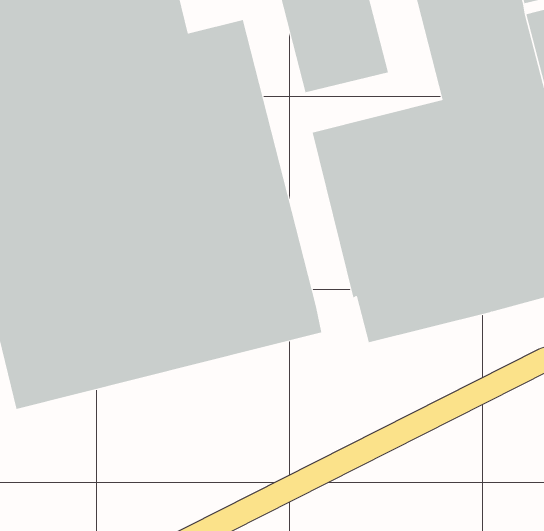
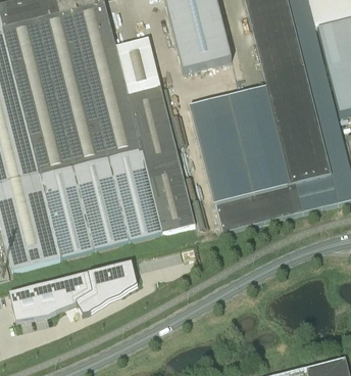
building: none -> [9,261,137,319]

